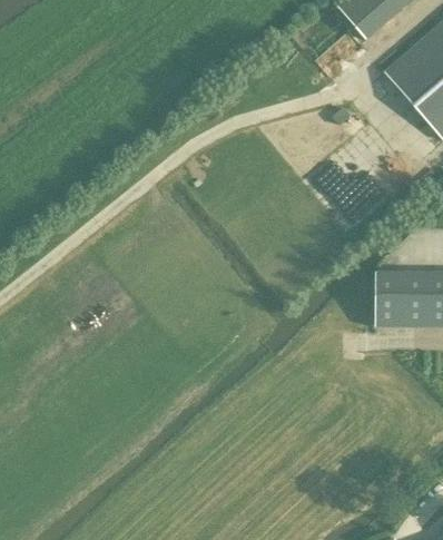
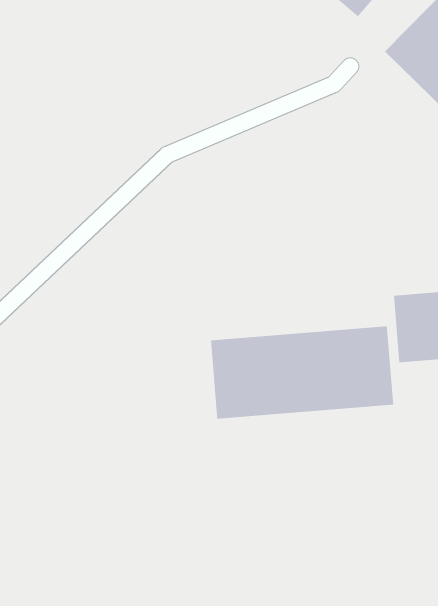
building: none -> [210,326,394,419]

